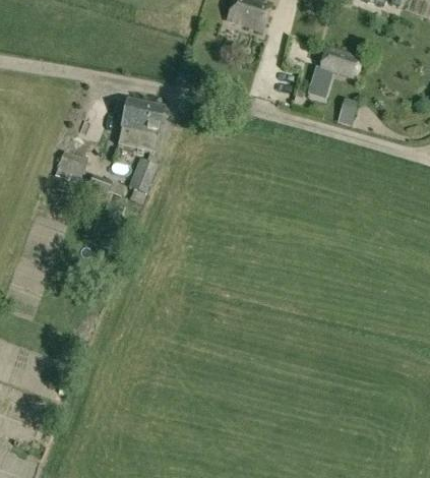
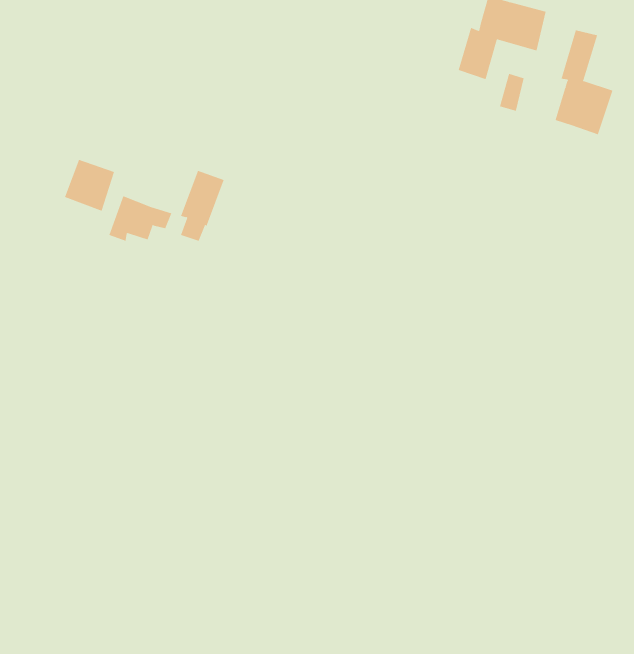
building: none -> [555,29,613,135]
building: [117,99,165,153] -> none

